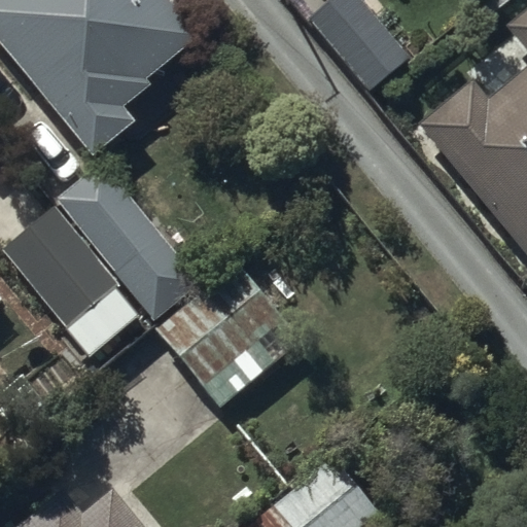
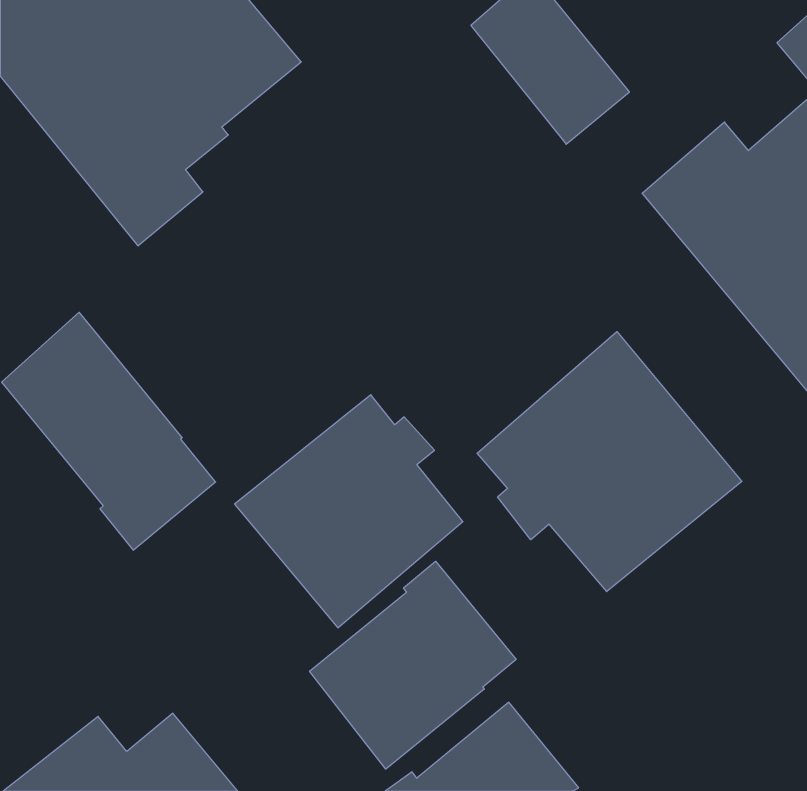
building: [58,162,201,320] -> none
building: none -> [477,332,742,592]
building: none -> [310,561,516,769]

